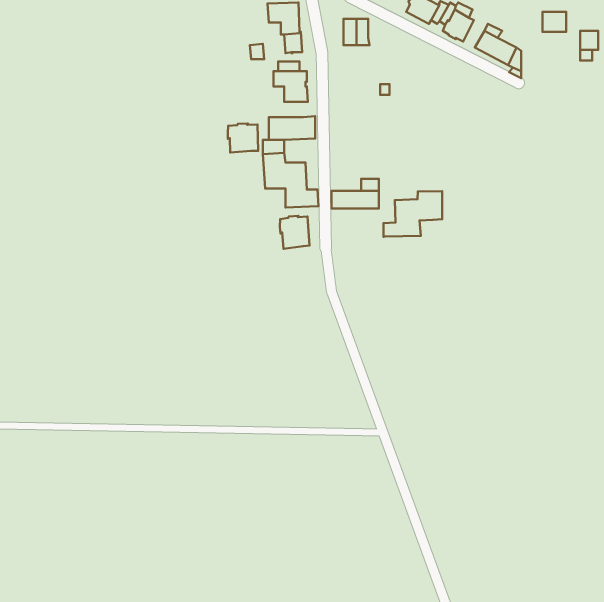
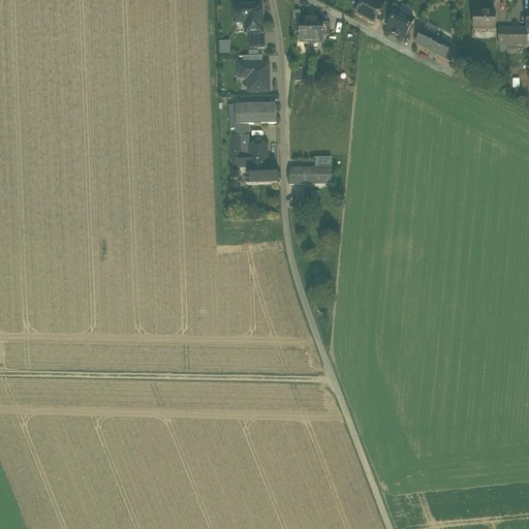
building: [228,124,258,153] -> none
building: [383,191,442,237] -> none
building: [280,216,309,249] -> none

